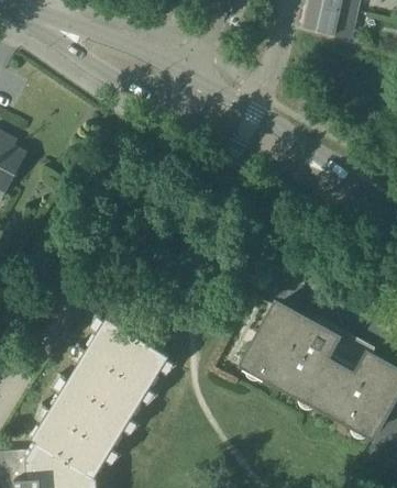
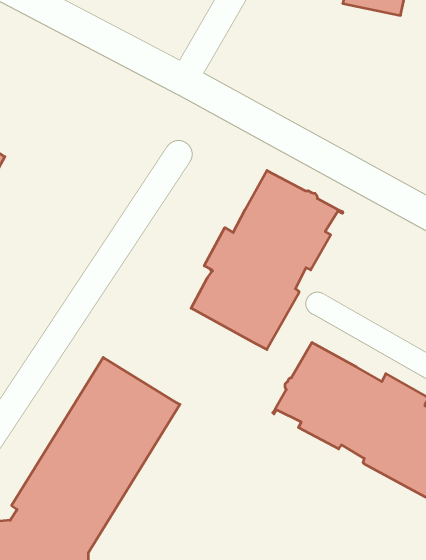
building: none -> [191,170,343,350]

